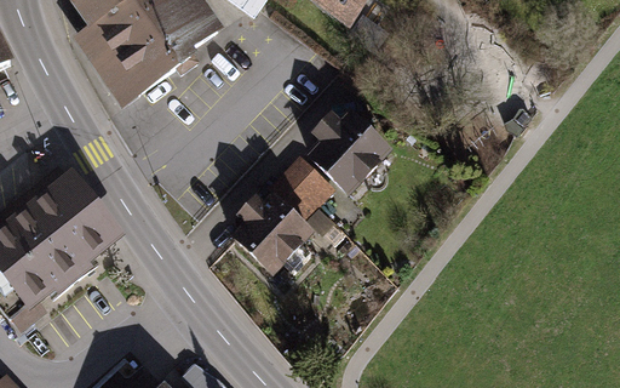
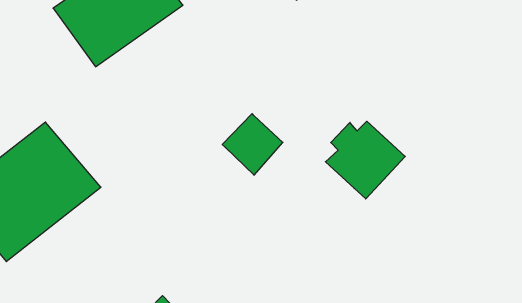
building: [302,109,392,198] -> [325,121,405,199]
building: [228,192,314,278] -> none

